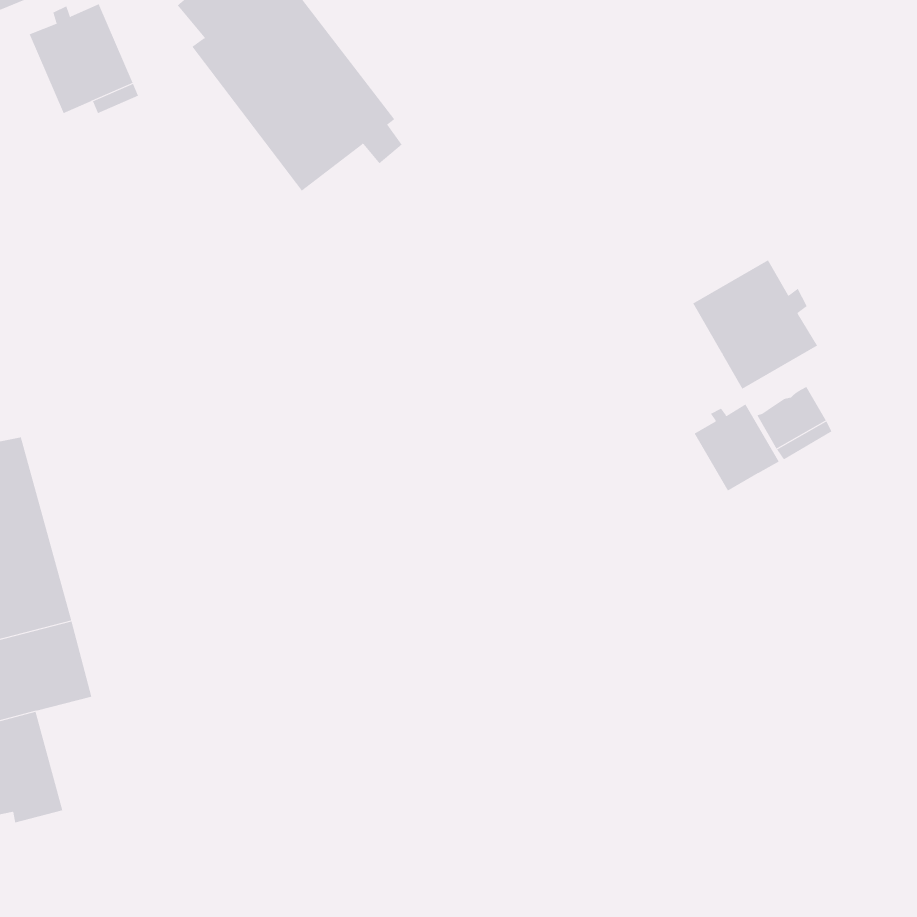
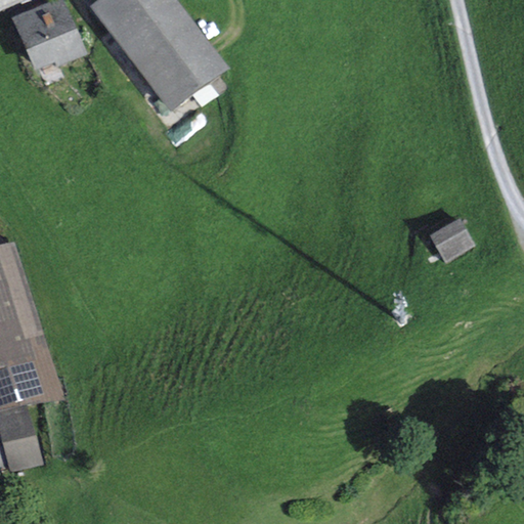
building: [693,259,818,389] -> none
building: [694,403,779,492] -> none

